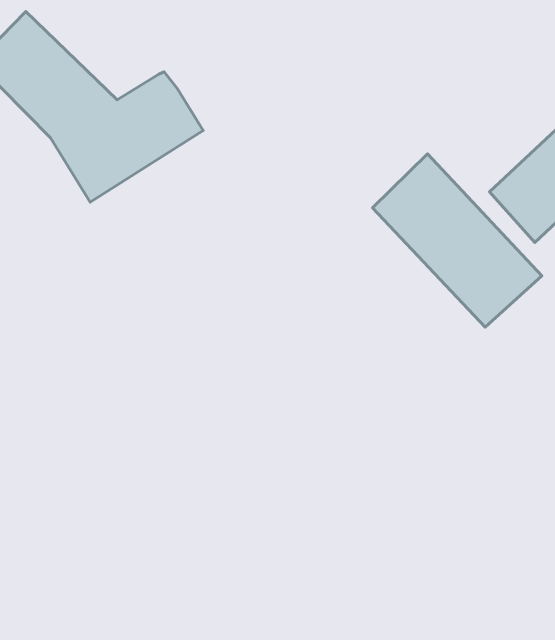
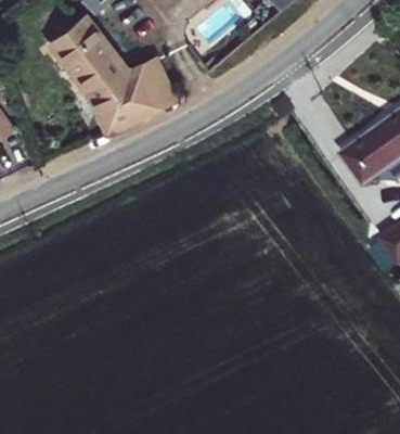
building: [372,154,542,327] -> none

